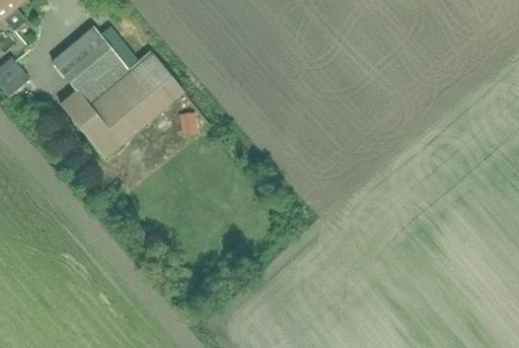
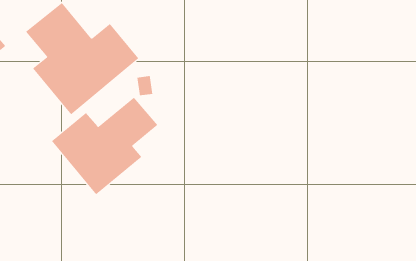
building: none -> [51,97,158,195]

